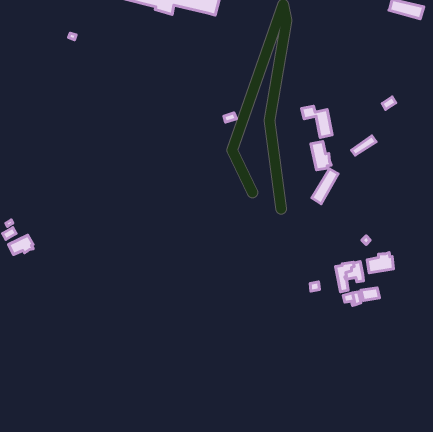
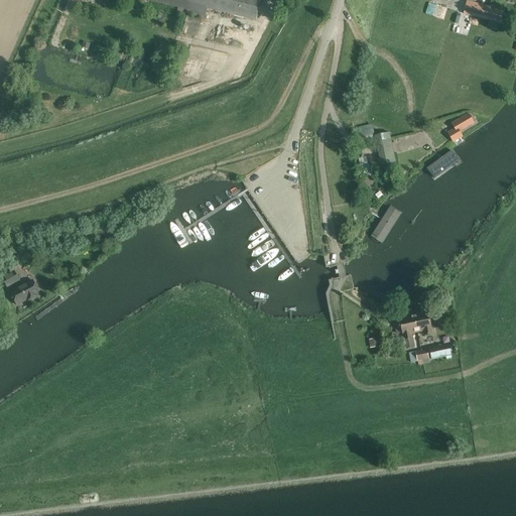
building: [311,141,331,170] -> none
building: [367,252,393,273] -> none

